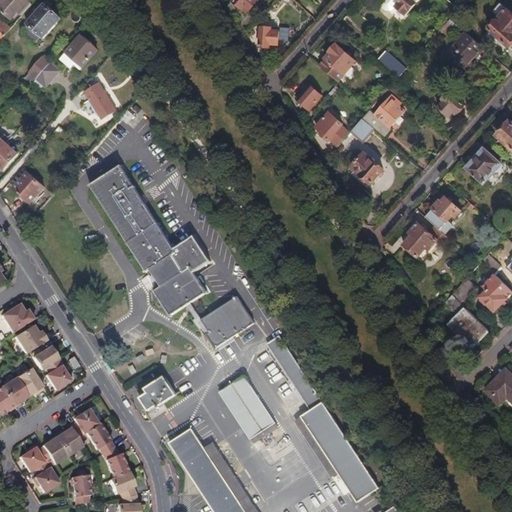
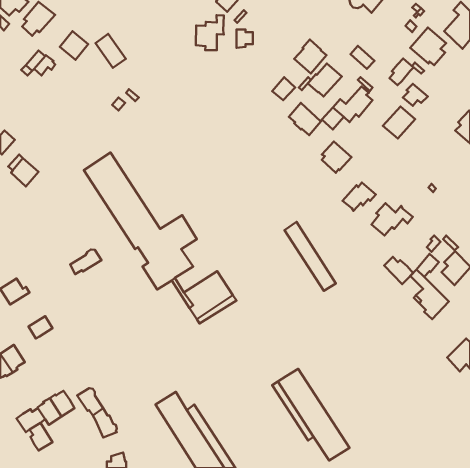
building: none -> [196,15,224,50]
building: none -> [389,58,413,85]
building: none -> [308,63,342,96]
building: [85,81,118,118] -> [95,34,126,68]
building: [468,146,503,181] -> [383,106,415,139]
building: [426,196,462,227] -> [343,182,376,211]
building: none -> [70,250,102,274]
building: none -> [384,257,413,284]
building: [14,324,46,352] -> none
building: [268,334,324,409] -> [284,222,336,291]
building: [43,357,69,389] -> none
building: [15,366,42,394] -> none
building: [136,375,175,413] -> none
building: [221,376,277,440] -> none
building: [68,407,97,435] -> none
building: [108,470,134,496] -> none
building: [68,472,89,502] -> none

